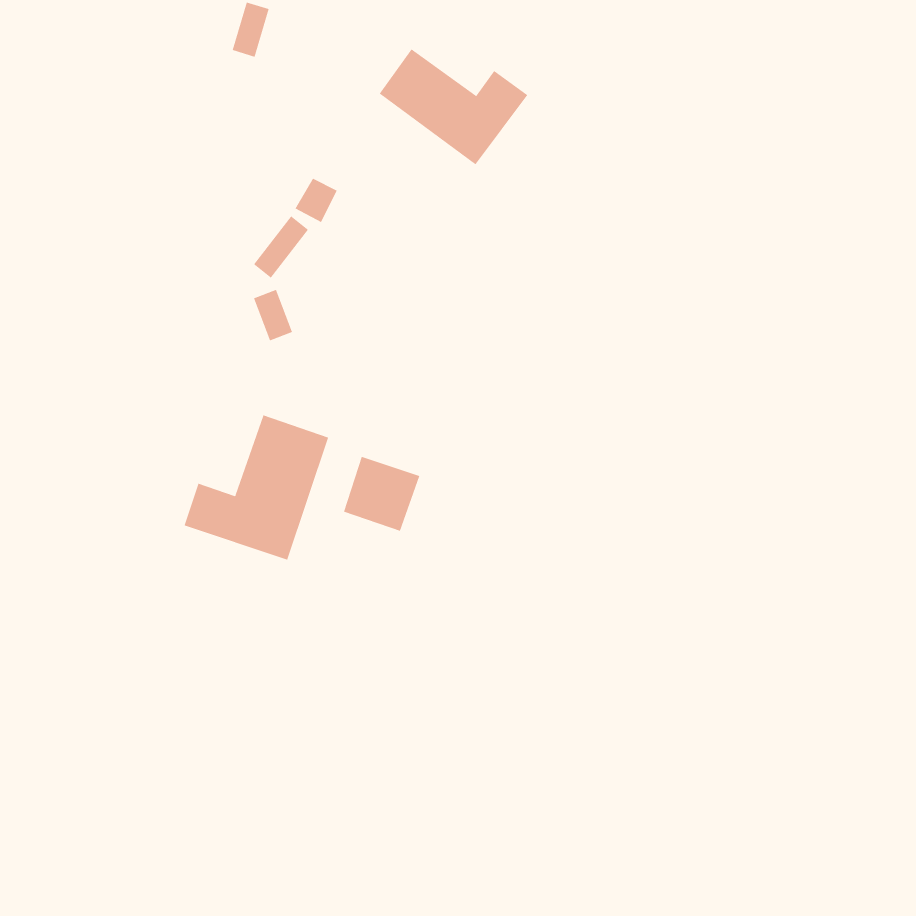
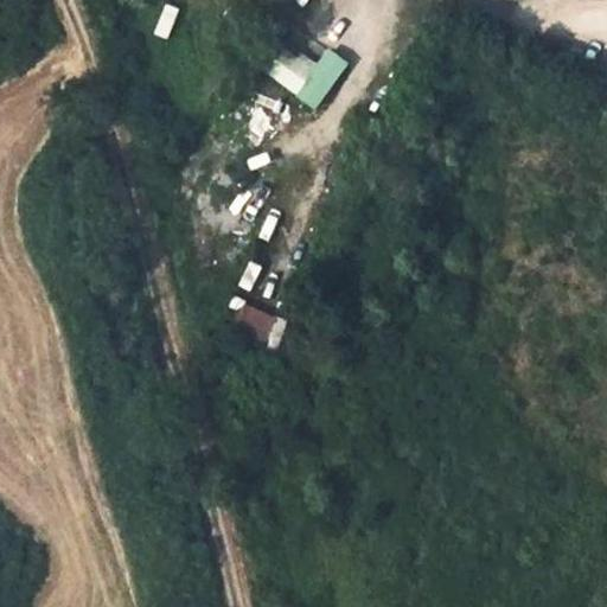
building: [184,414,329,560] -> none

